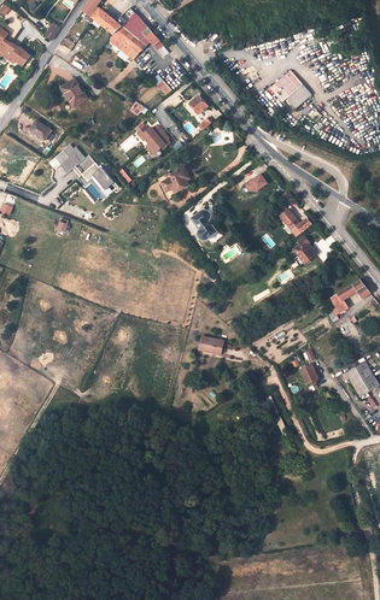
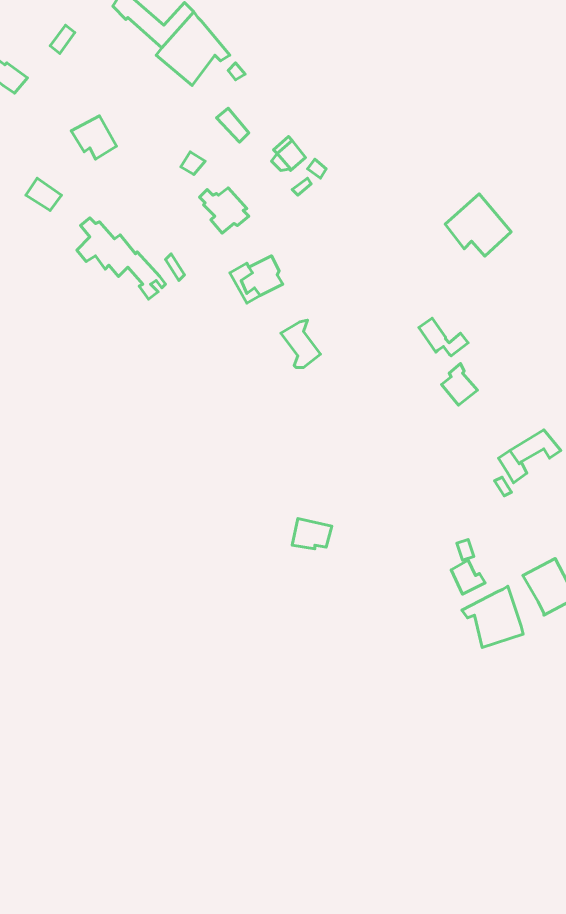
building: [267,71,309,111] -> [445,194,511,256]
building: none -> [462,586,523,647]

